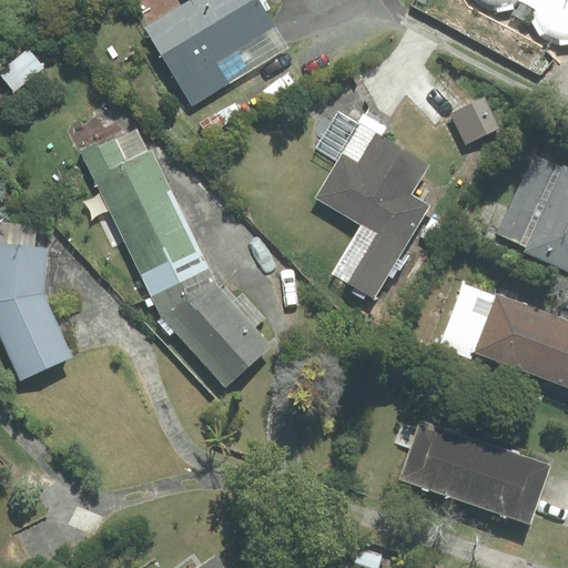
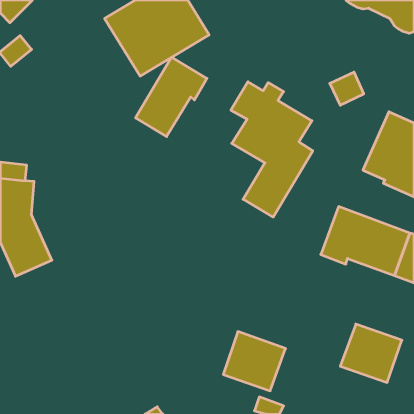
building: none -> [136,57,207,137]
building: [85,141,268,383] -> none
building: [402,420,487,501] -> [223,332,286,391]

